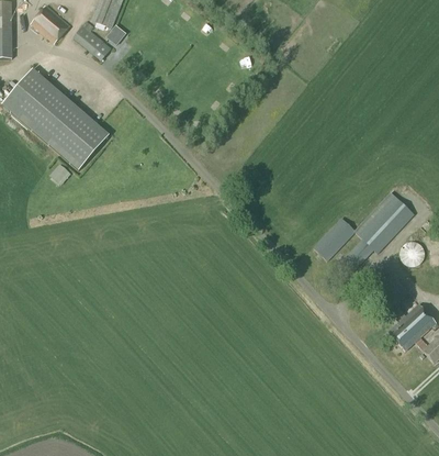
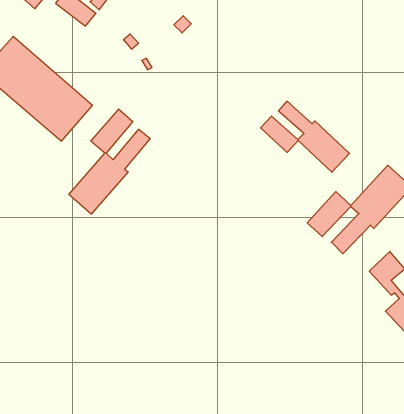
building: none -> [261,101,350,172]
building: none -> [69,109,150,214]

